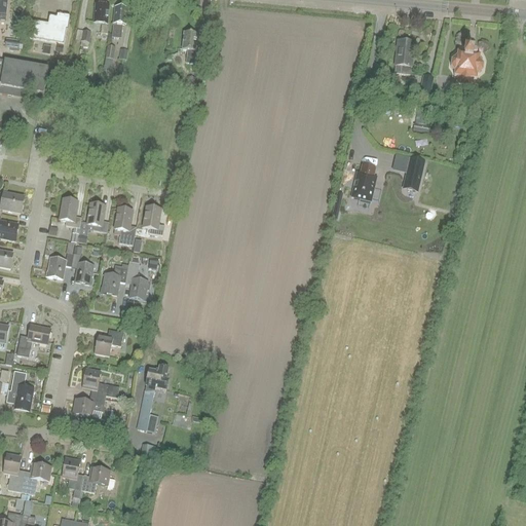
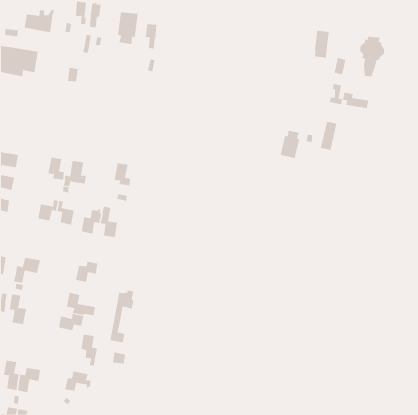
building: none -> [118,11,138,45]
building: none -> [343,92,369,109]
building: [114,206,137,243] -> none
building: [63,456,84,496] -> [81,334,98,366]

